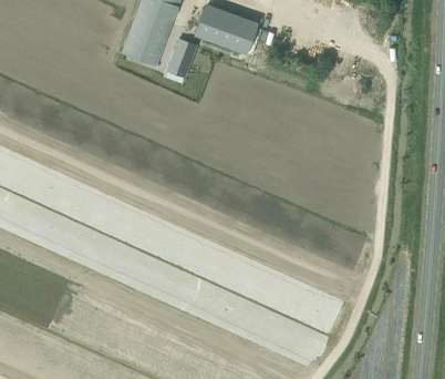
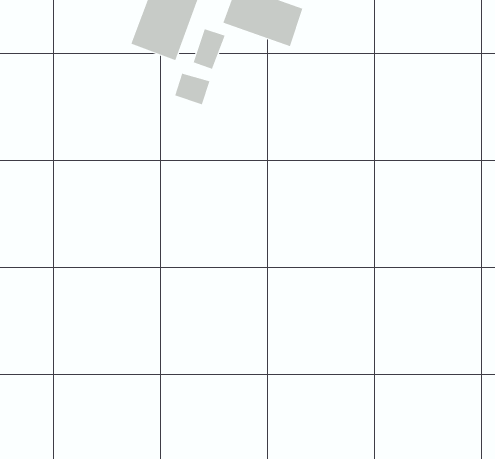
building: none -> [174,73,210,105]

